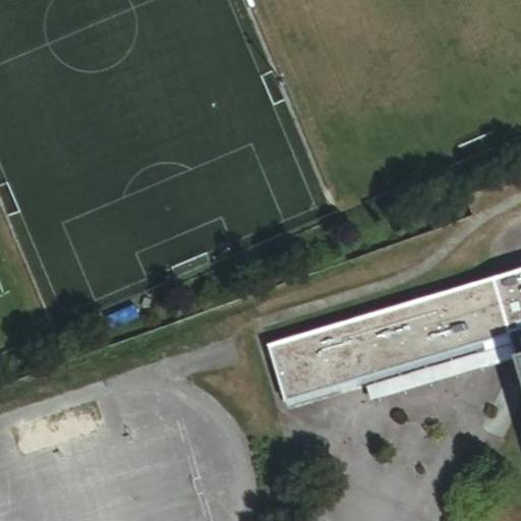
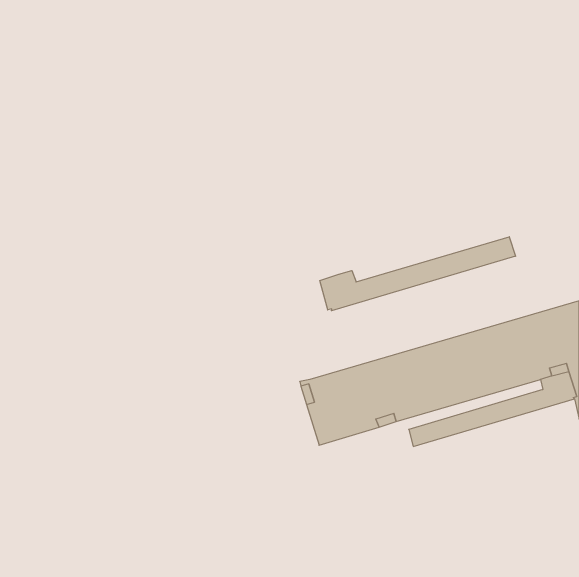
building: none -> [320,237,516,311]

